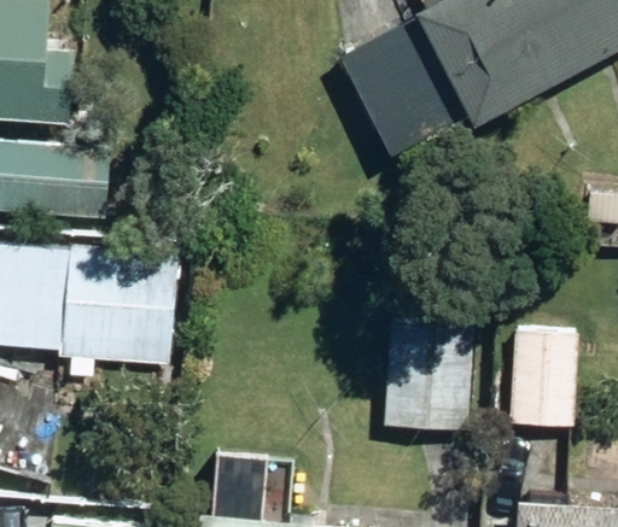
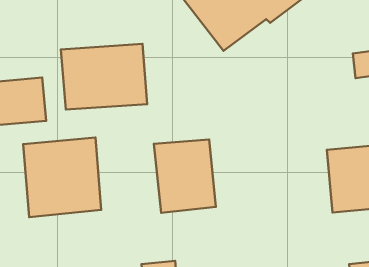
building: none -> [61,44,147,109]
building: [385,321,474,429] -> [154,139,216,213]

